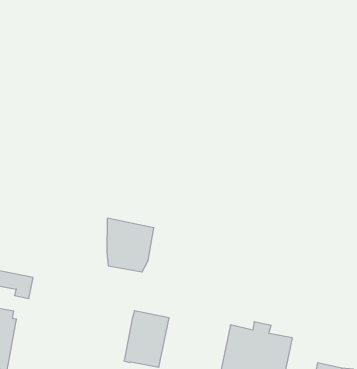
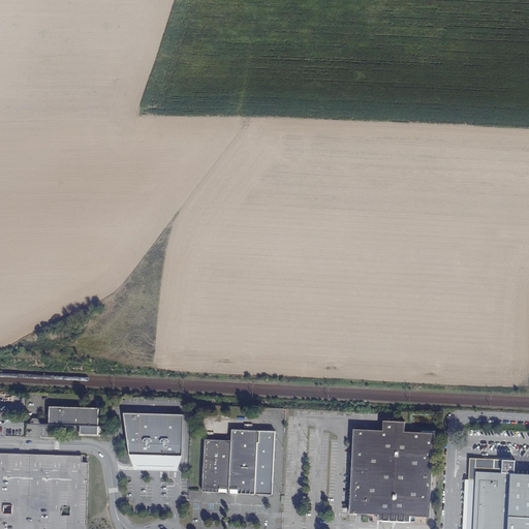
building: [107,218,154,272] -> [122,410,182,470]
building: none -> [201,438,229,493]

